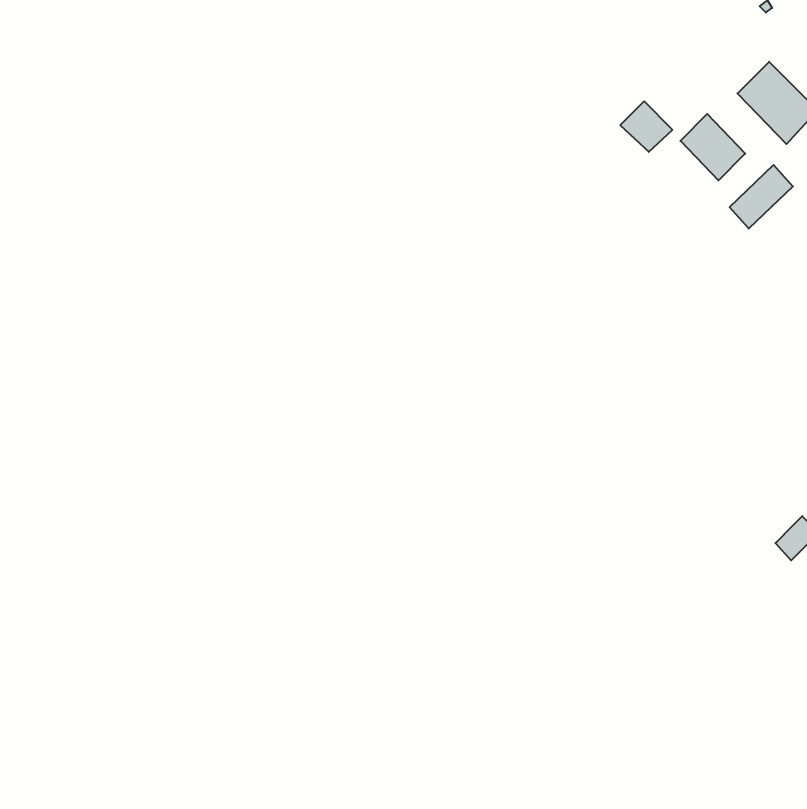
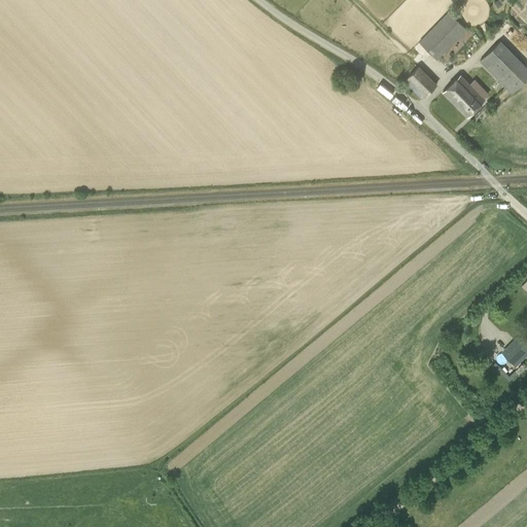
building: none -> [420,11,468,60]
building: [730,165,793,229] -> none

